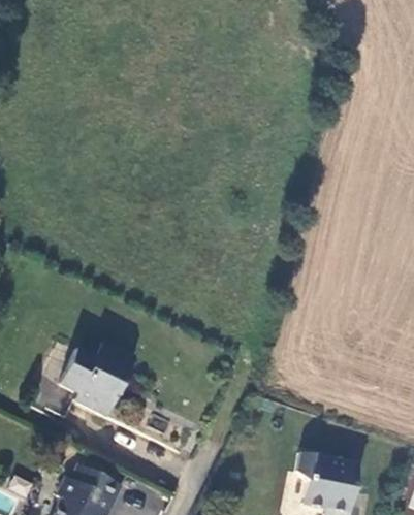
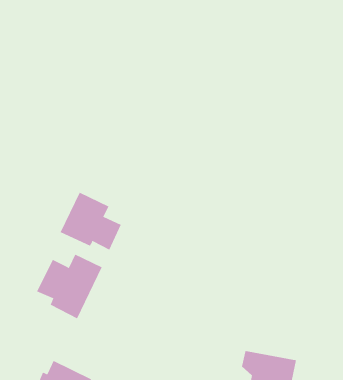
building: none -> [60,192,121,250]

